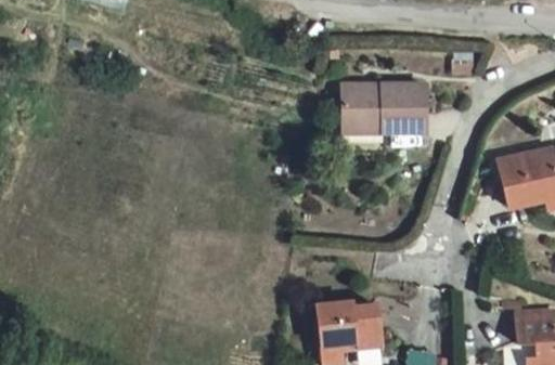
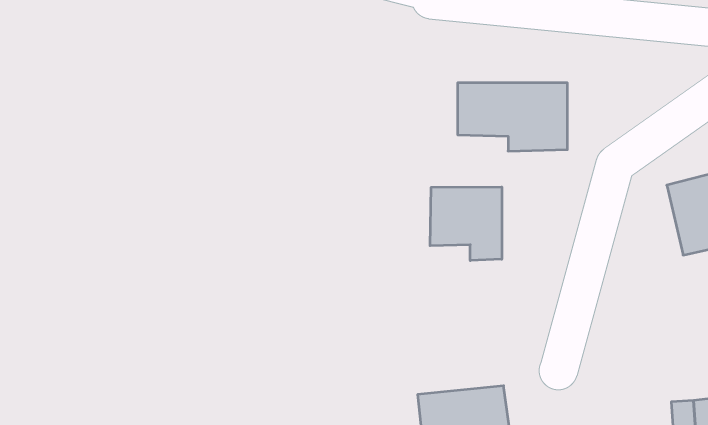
building: none -> [430,187,502,261]

